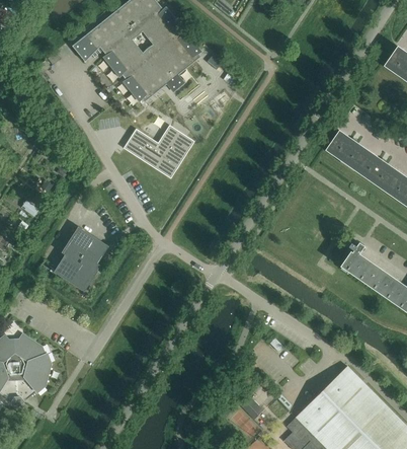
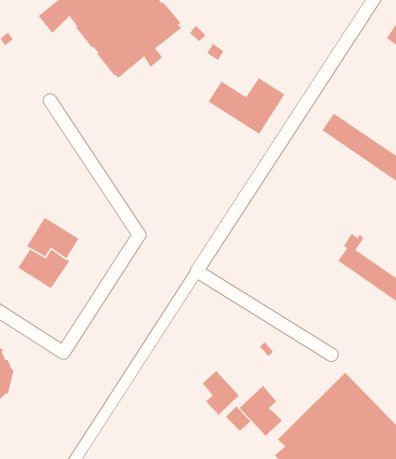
building: [125,126,194,177] -> [208,77,286,135]
building: none -> [202,370,239,416]
building: none -> [239,385,282,437]

